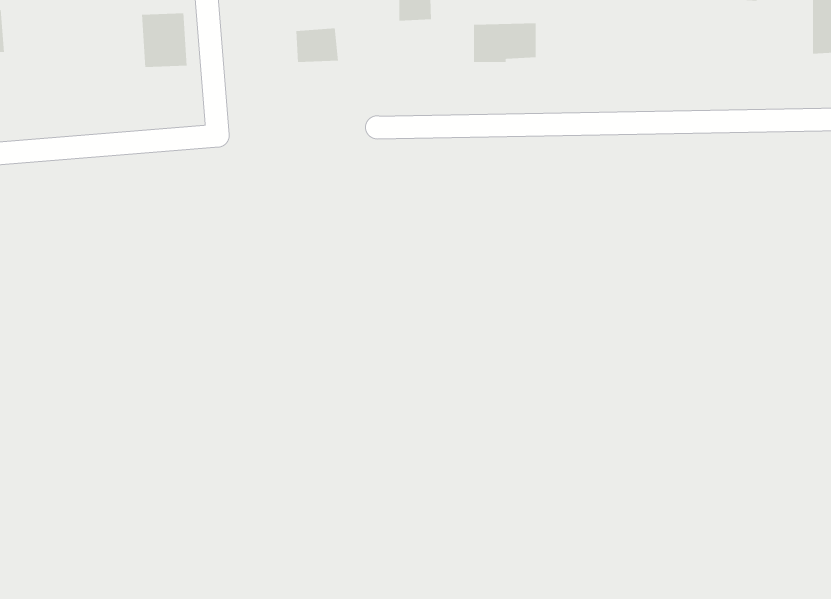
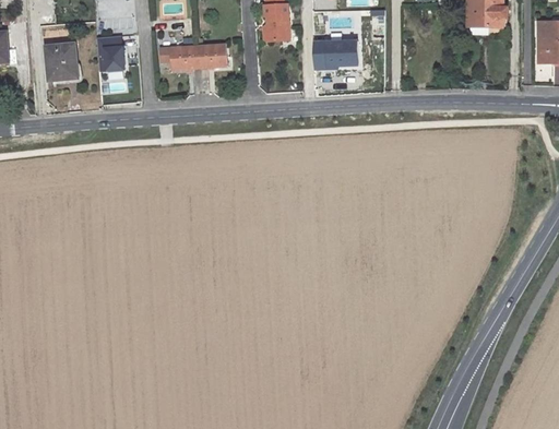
building: none -> [45,45,76,84]
building: none -> [159,47,199,69]

